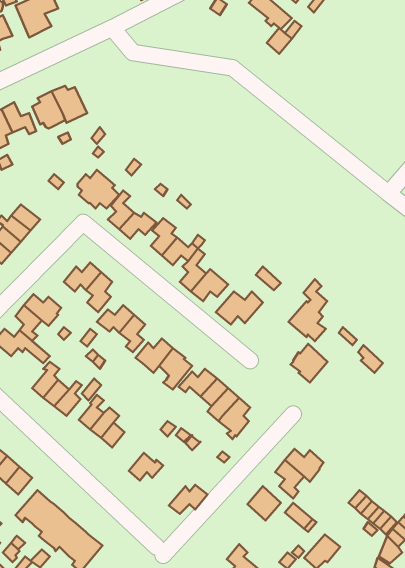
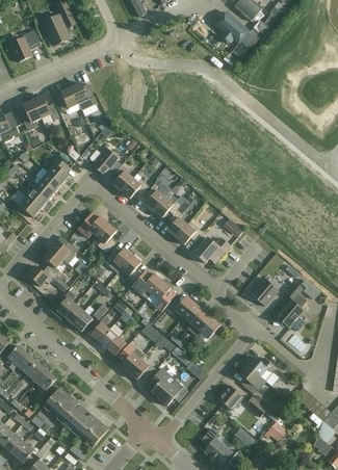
building: none -> [44,155,70,183]
building: [288,279,327,341] -> [276,283,305,330]
building: none -> [118,342,144,372]
building: none -> [148,367,175,398]

